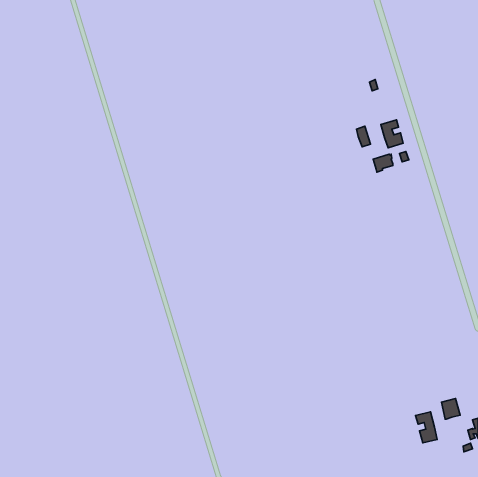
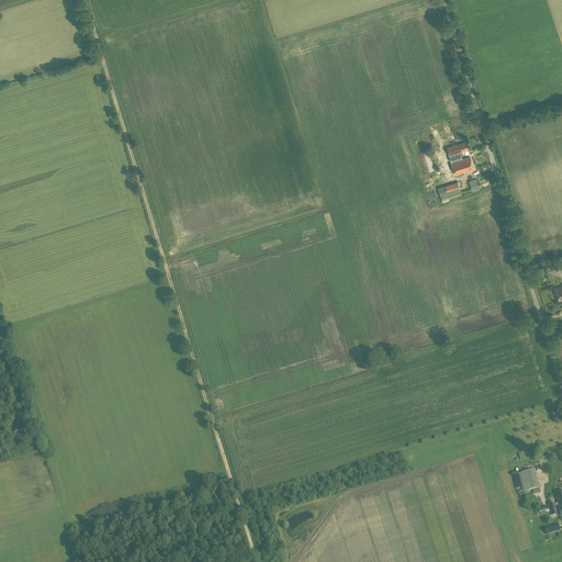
building: [416,412,437,443] -> none

